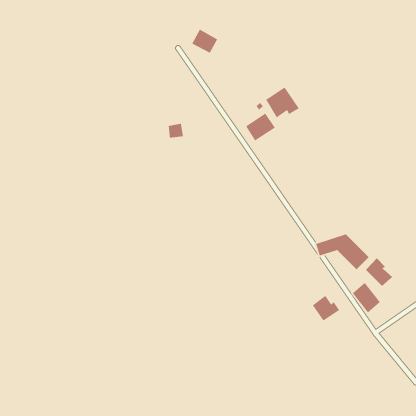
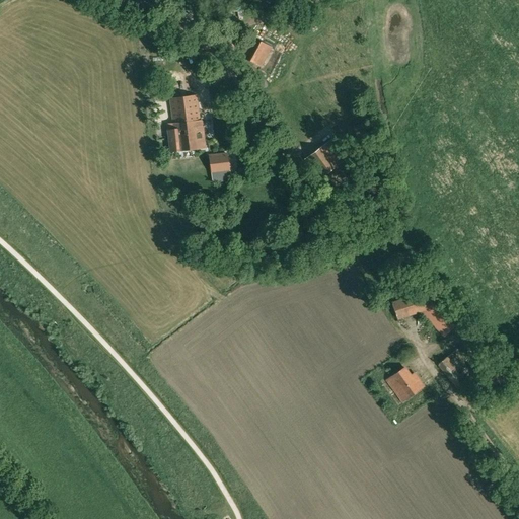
building: none -> [168,95,205,151]
building: [265,86,300,119] -> none
building: [365,257,393,287] -> none

